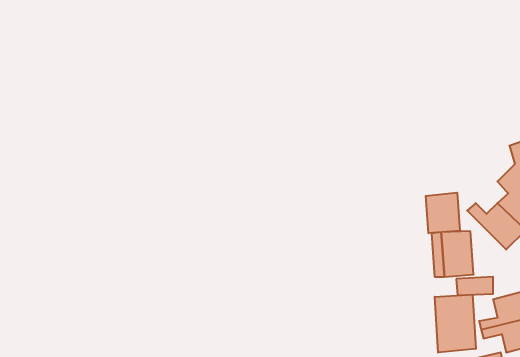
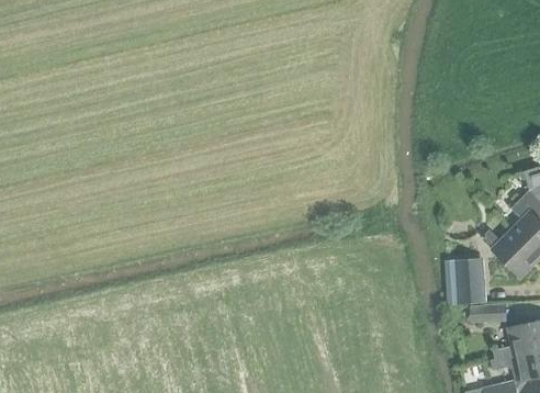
building: [426,193,460,233] -> none
building: [435,295,476,353] -> none

